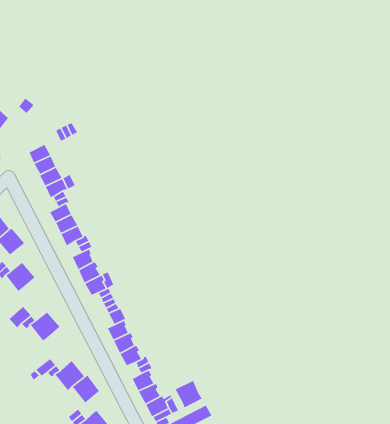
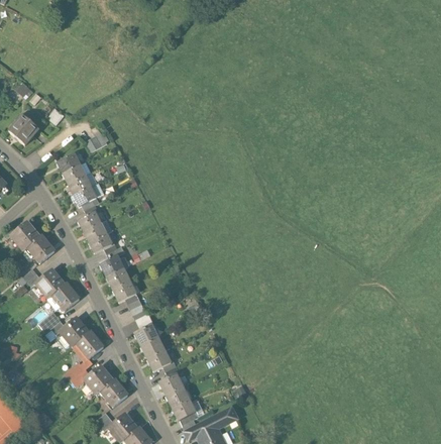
building: none -> [52,283,80,310]
building: none -> [77,331,104,358]
building: [175,380,203,408] -> none

